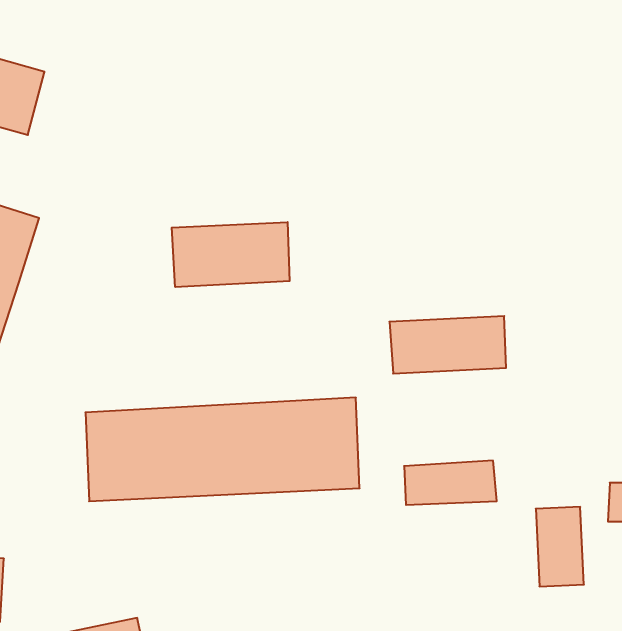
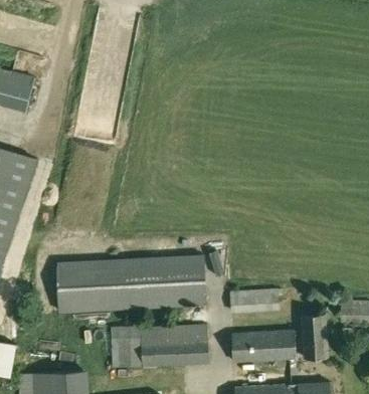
building: [172,222,290,287] -> none
building: [389,316,506,374] -> [231,330,295,361]
building: none -> [106,324,208,368]

